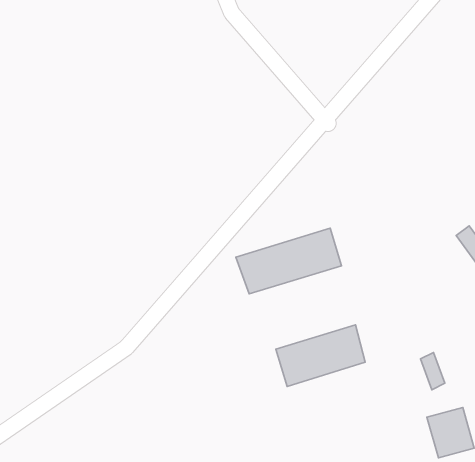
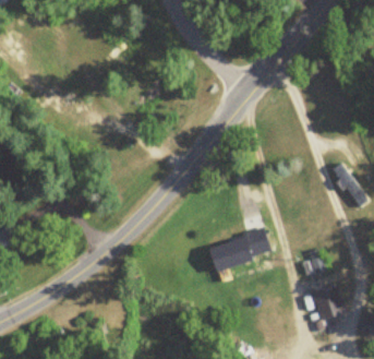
building: [236,228,342,294] -> none

